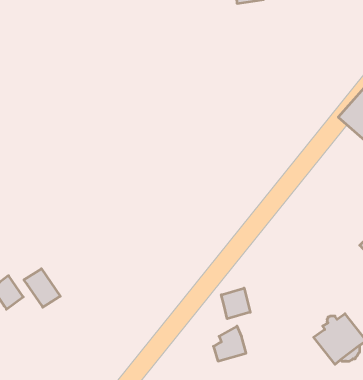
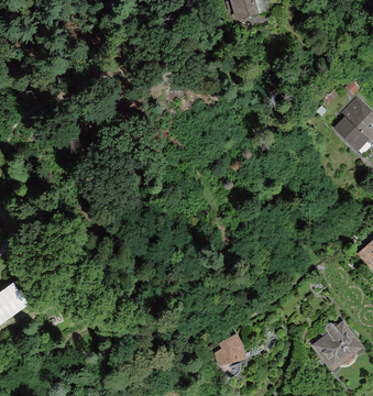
building: [24,269,60,307] -> none
building: [221,288,250,319] -> none

